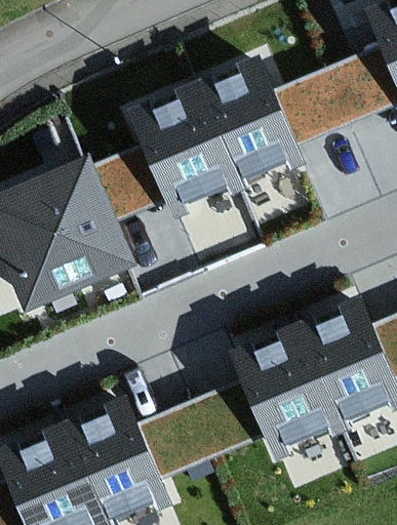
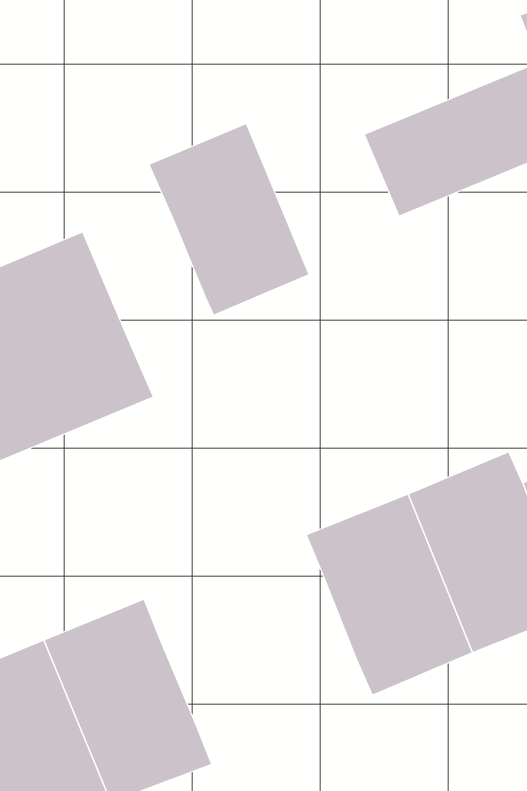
building: [194,58,299,184] -> none
building: [92,147,167,221] -> none
building: [137,378,266,478] -> none

